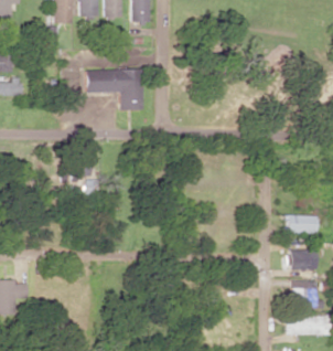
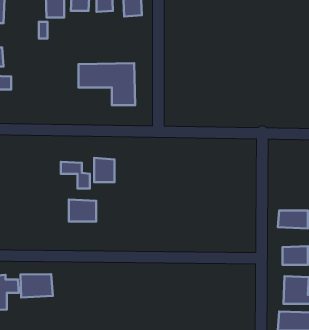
building: none -> [94,158,114,182]
building: none -> [69,199,96,222]
building: none -> [21,274,53,298]

